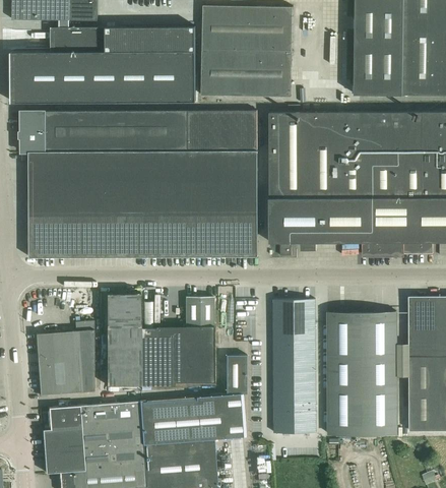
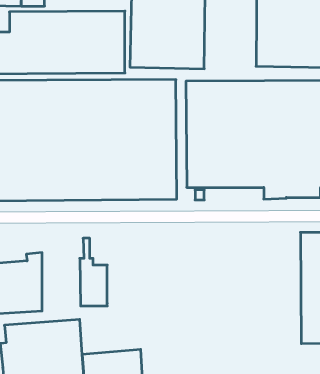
building: [106,294,141,385] -> none
building: [274,296,315,432] -> none
building: [174,297,213,382] -> none
building: [328,312,397,434] -> none
building: [140,355,247,444] -> none

